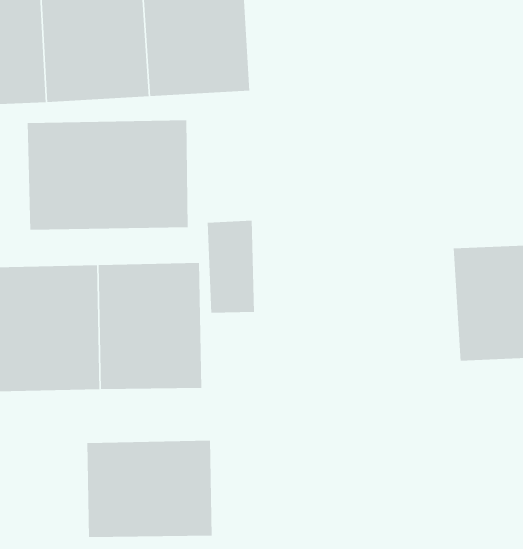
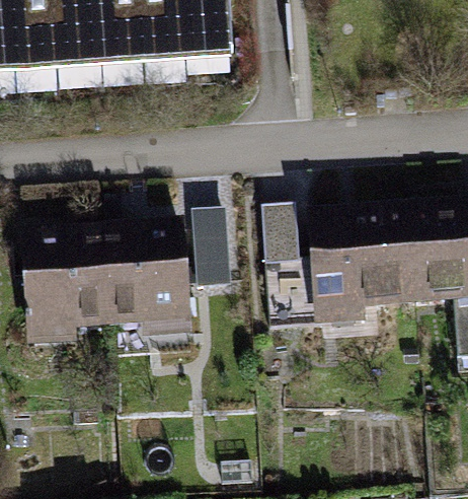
building: [27,120,189,231] -> none
building: none -> [289,217,411,319]
building: [86,440,213,538] -> none

